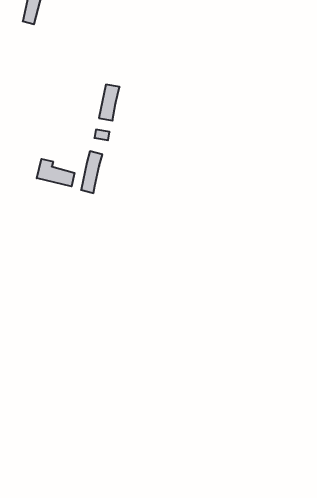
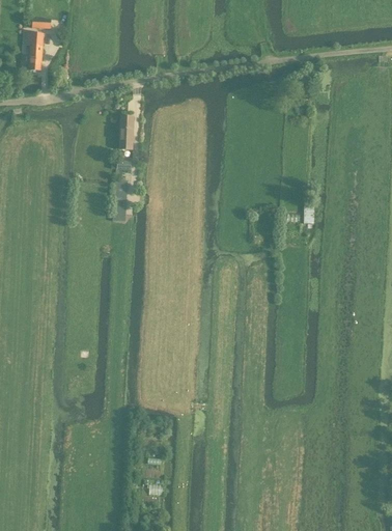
building: [37,159,75,186] -> none

